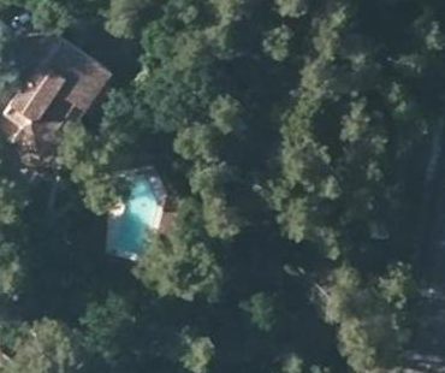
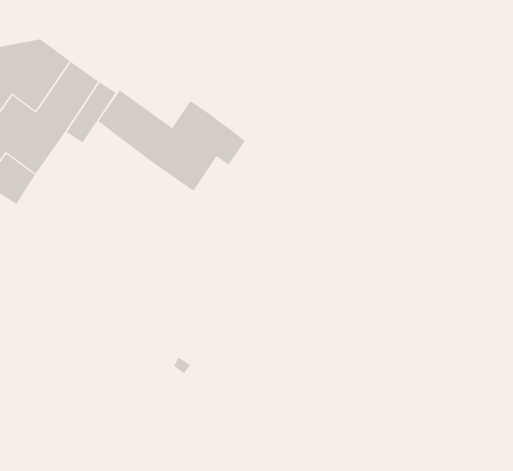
building: none -> [98,89,246,192]

